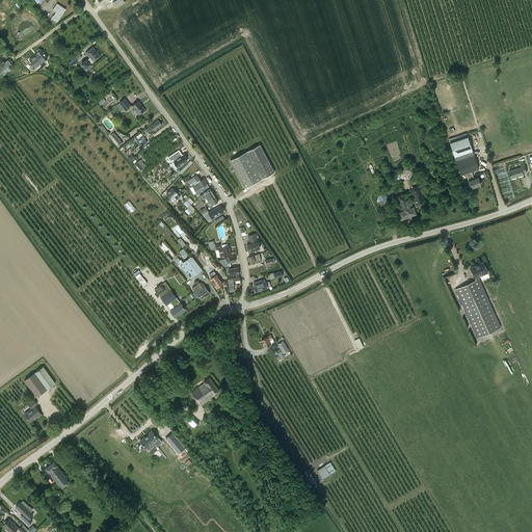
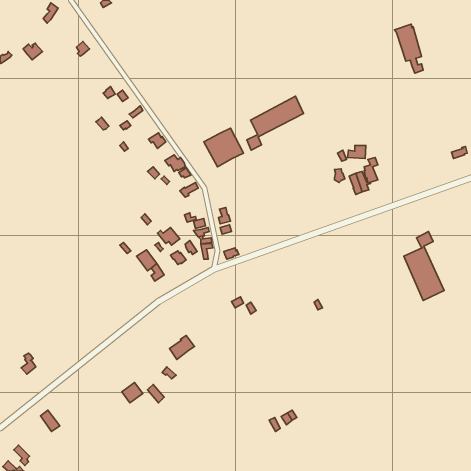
building: none -> [247,96,304,150]
building: [448,133,480,188] -> [395,24,423,73]
building: [25,367,55,397] -> none

